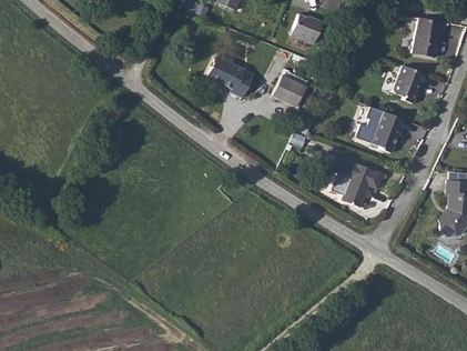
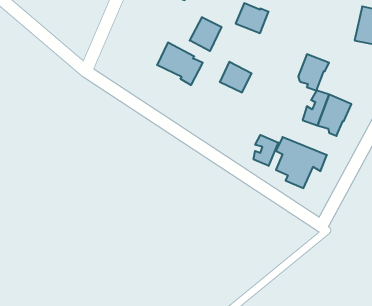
building: none -> [190,17,221,51]
building: [394,64,426,102] -> [298,54,329,90]
building: none -> [254,135,278,166]

